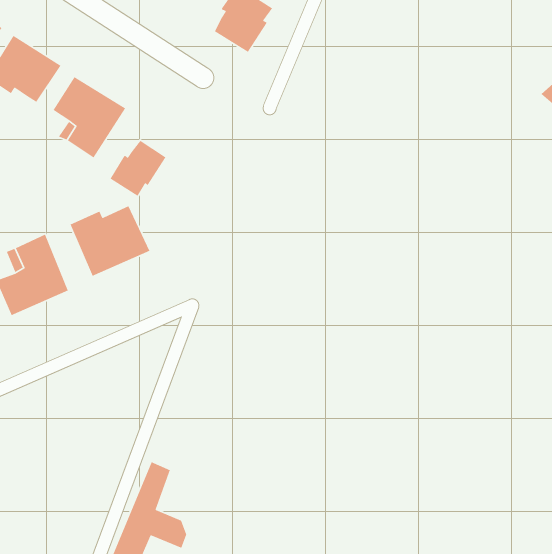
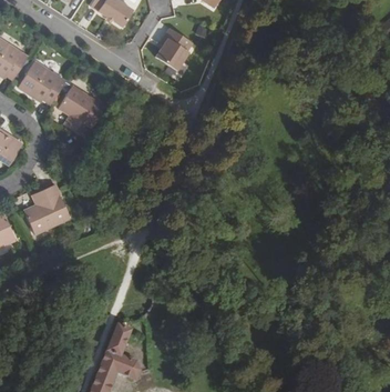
building: [110,140,166,197] -> none
building: [69,205,151,277] -> none

